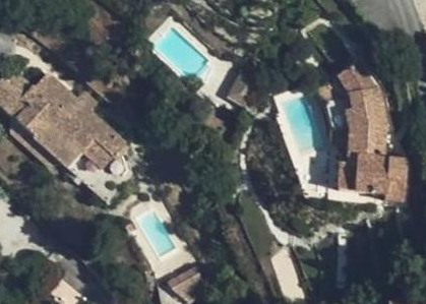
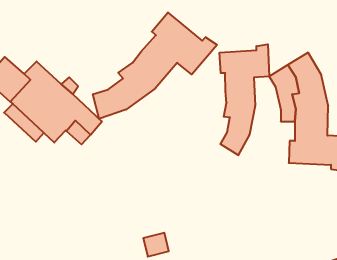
building: none -> [93,12,217,119]
building: none -> [220,44,269,155]

